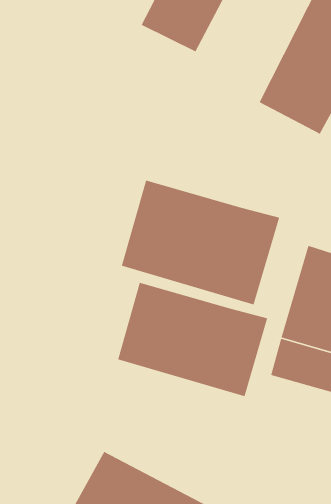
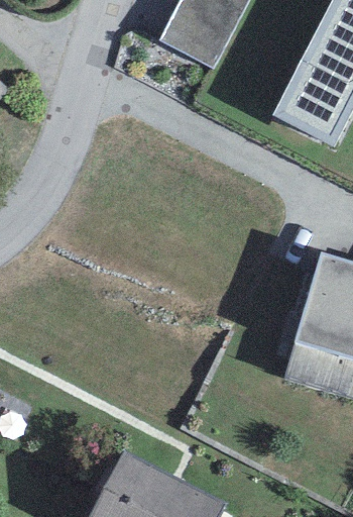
building: [121,179,280,306] -> none
building: [117,282,268,397] -> none

